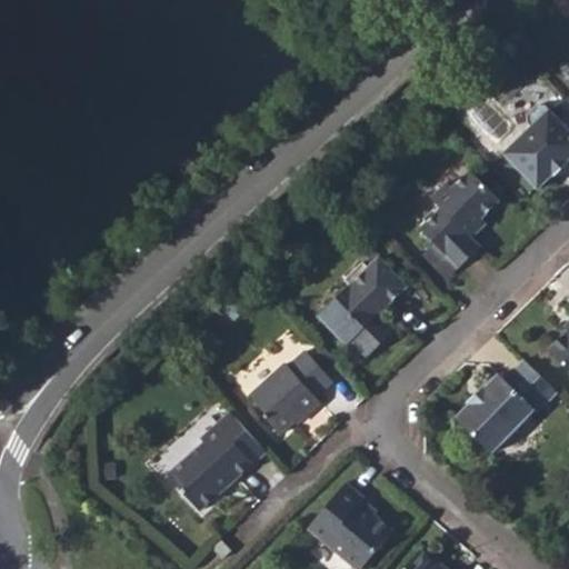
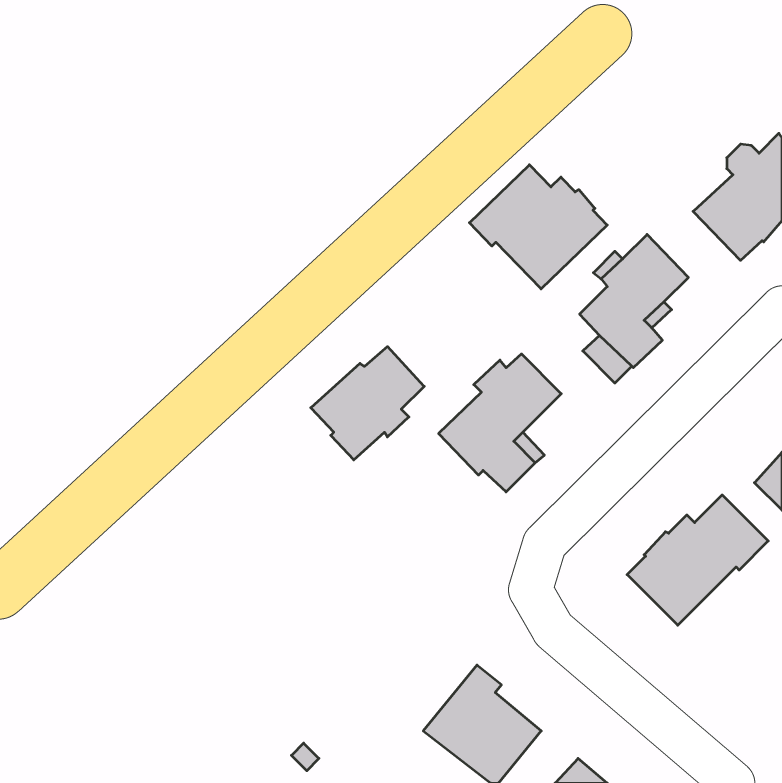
building: none -> [469,165,607,289]
building: [249,351,331,433] -> [311,347,424,460]
building: [168,412,266,511] -> none

